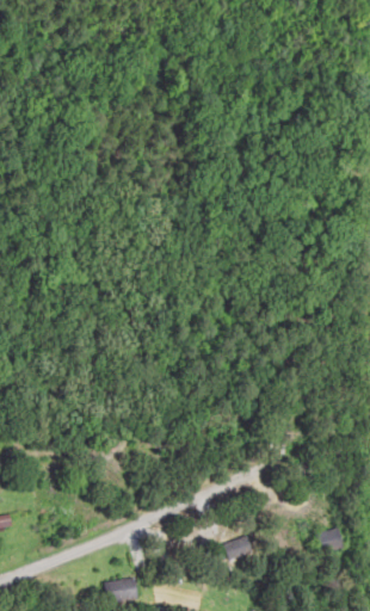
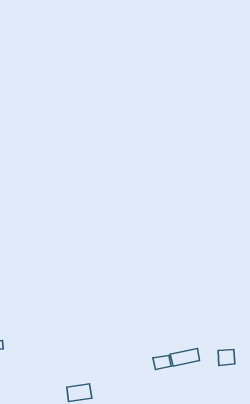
building: none -> [170,348,200,366]

